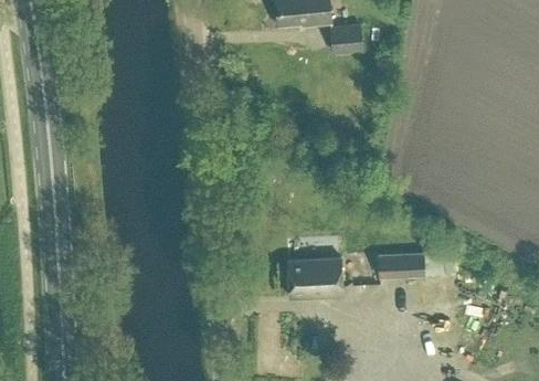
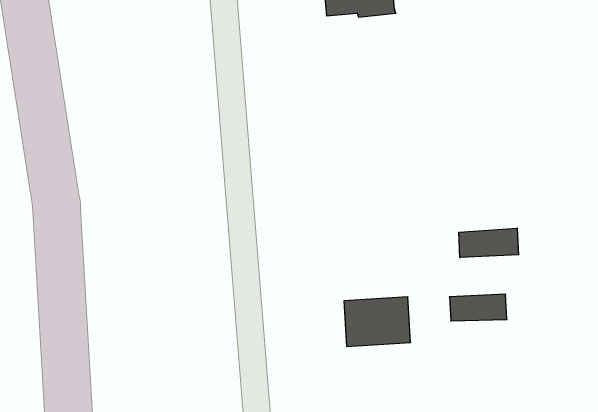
building: [329,24,362,52] -> none
building: none -> [459,228,518,258]

